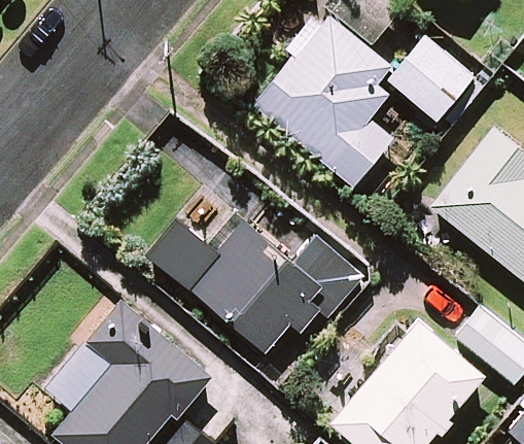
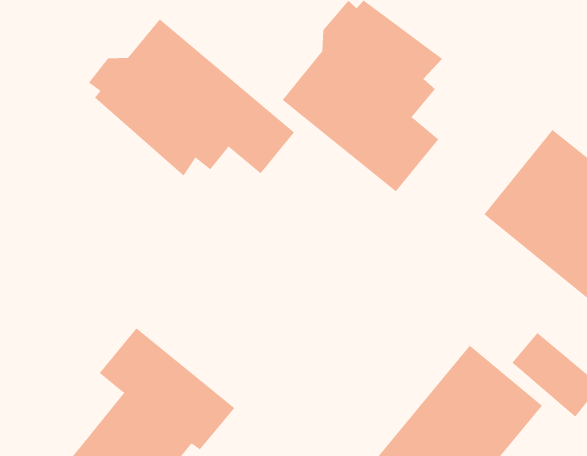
building: none -> [88,19,295,177]
building: [389,39,473,122] -> none
building: [148,213,361,351] -> none

